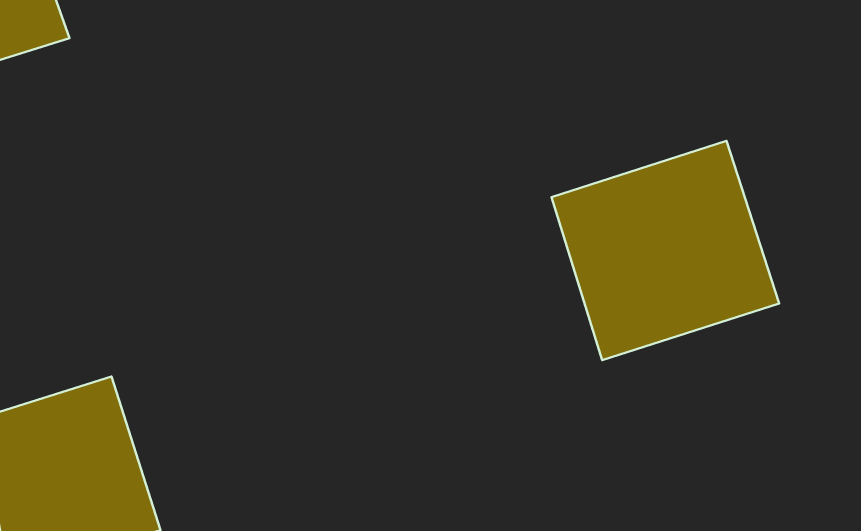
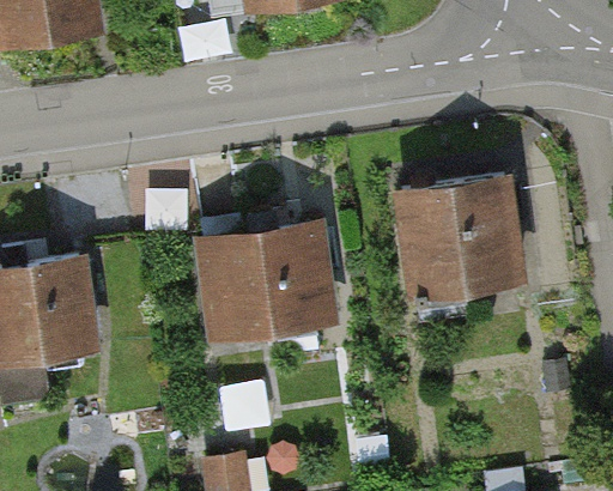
building: none -> [194,219,334,347]

